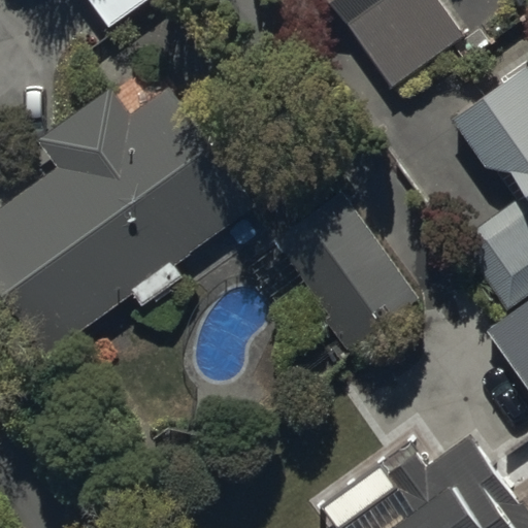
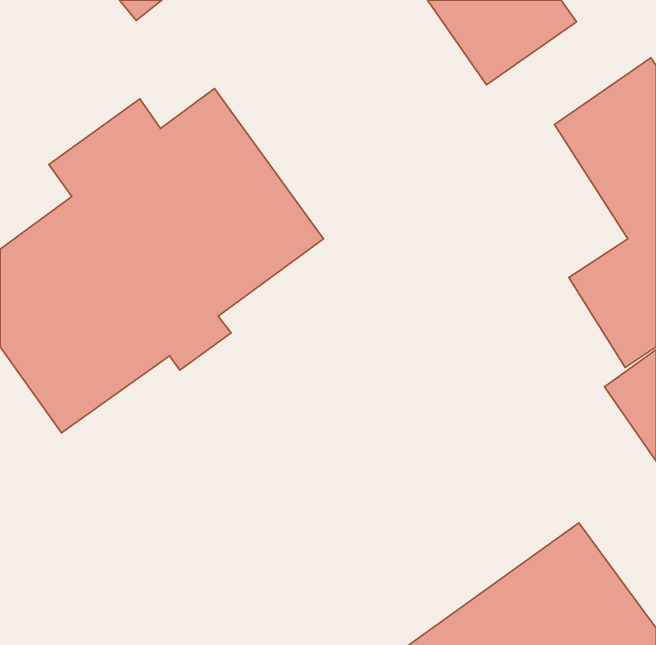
building: [259,174,419,353] -> none

